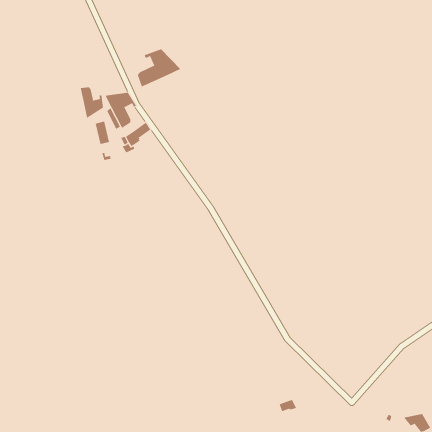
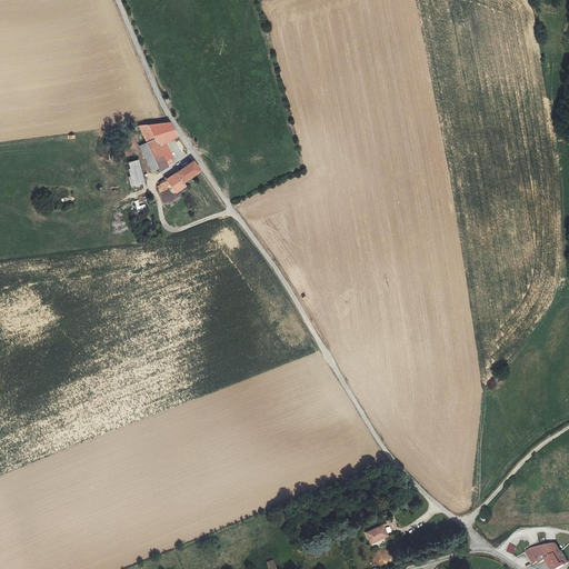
building: [137,48,181,89] -> none
building: [79,86,104,119] -> none

